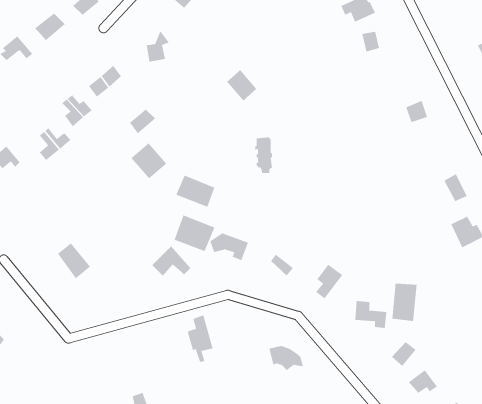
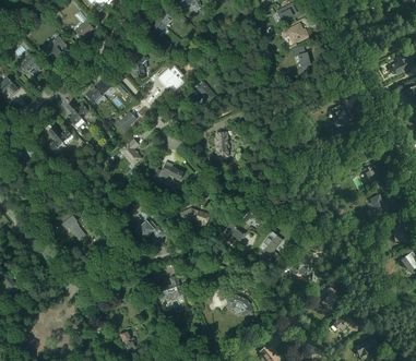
building: [174,215,215,252] -> none
building: [392,283,417,322] -> none

